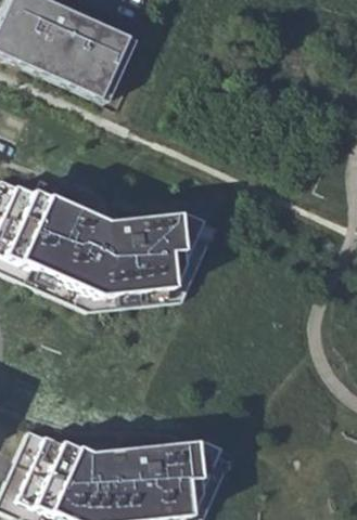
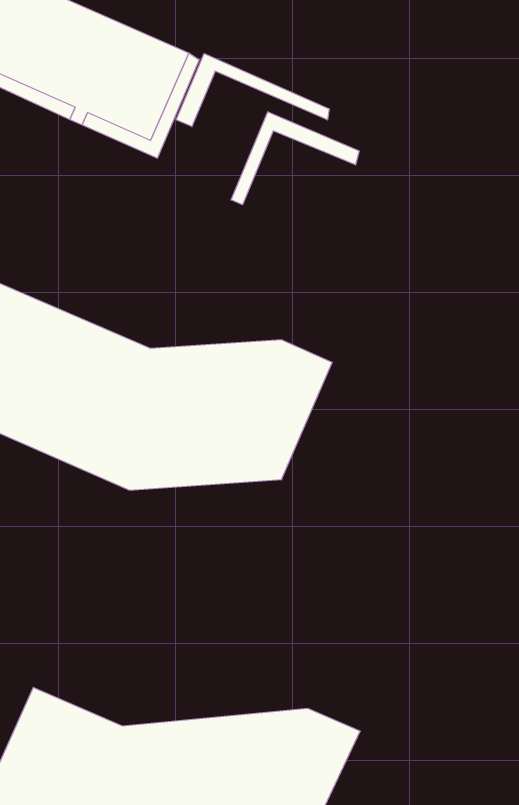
building: none -> [176,54,329,127]
building: none -> [231,112,359,205]

